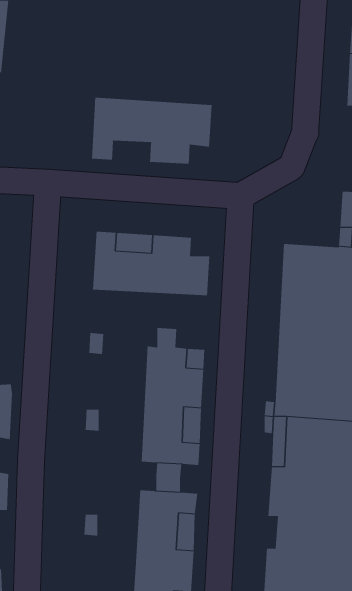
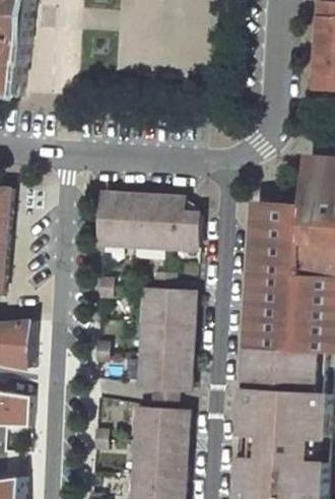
building: [91,97,212,165] -> none

